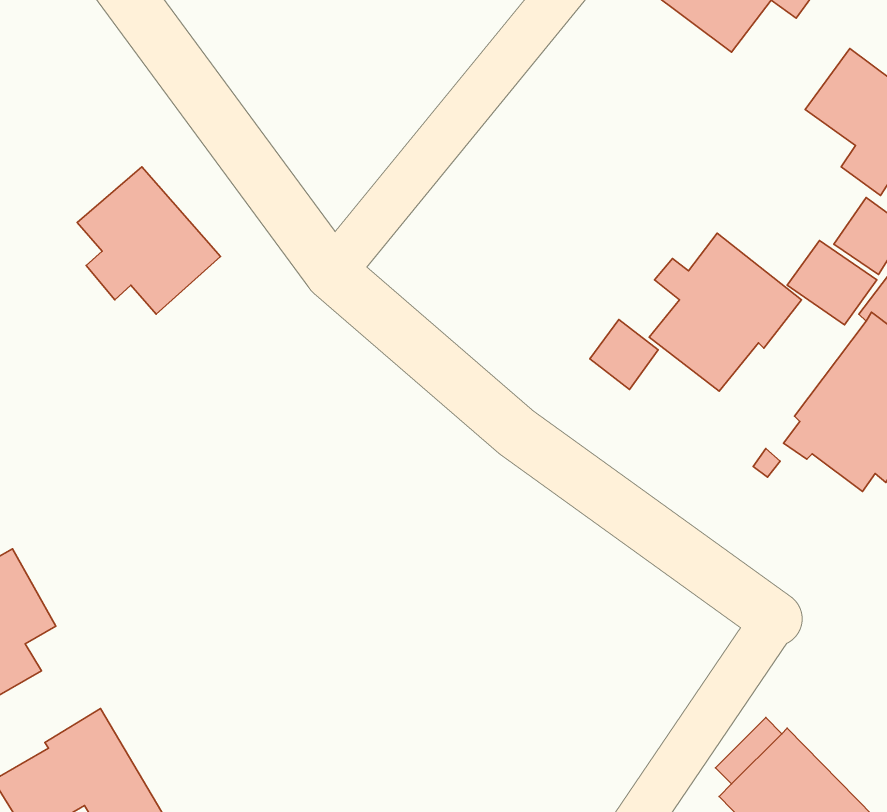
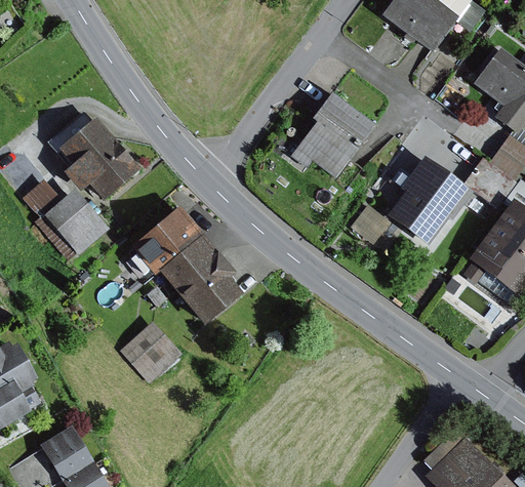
building: none -> [291,92,376,178]
building: none -> [23,178,107,260]
building: none -> [131,207,245,328]
building: none -> [120,320,183,383]

